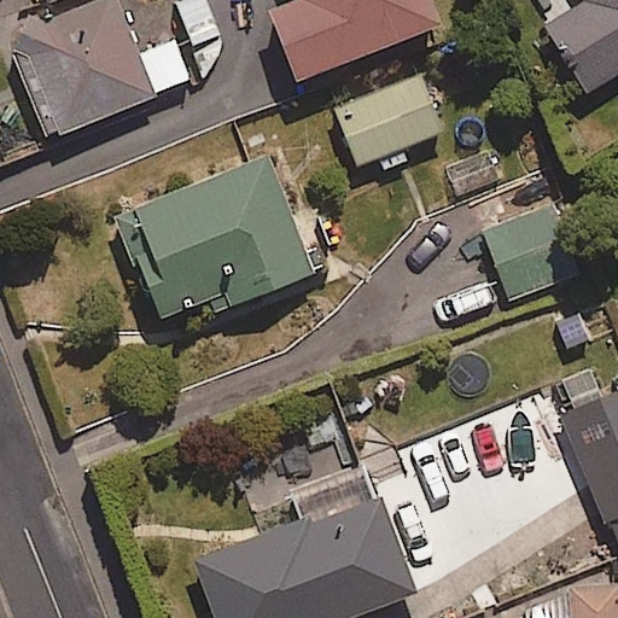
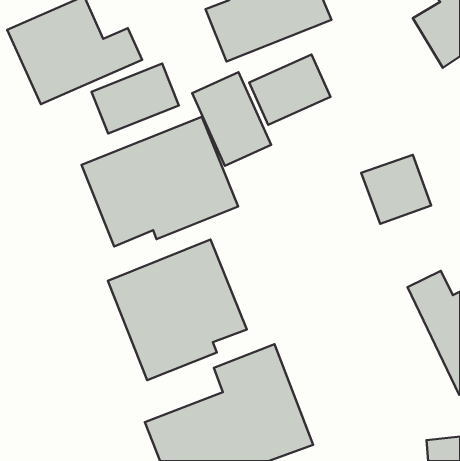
building: none -> [91,63,179,134]
building: none -> [192,72,271,166]
building: none -> [108,239,247,380]

